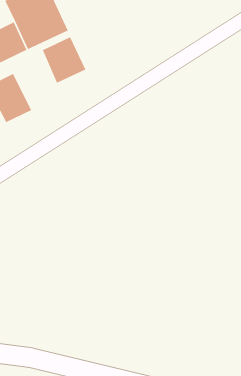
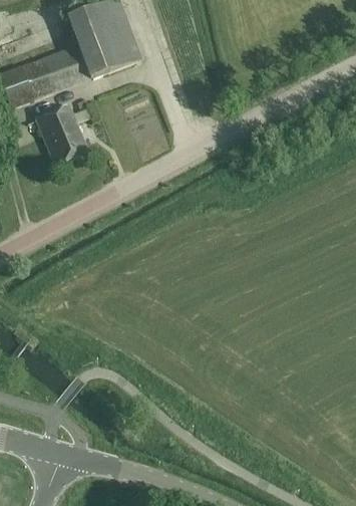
building: [42,36,87,84] -> none

